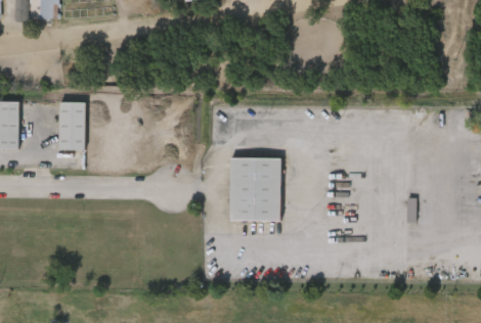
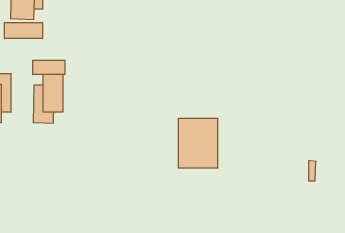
building: none -> [5,22,42,39]
building: none -> [33,60,65,75]

